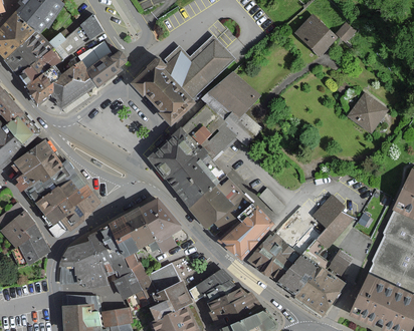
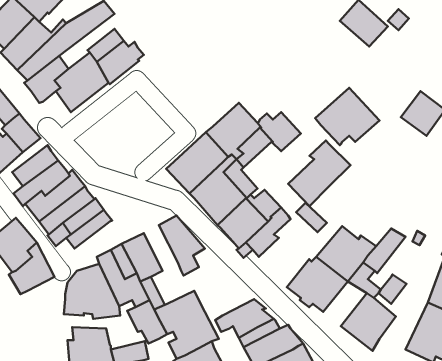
building: [131,36,234,124] -> none
building: [203,71,258,120] -> [315,88,380,145]
building: [313,196,342,226] -> none
building: [220,203,273,259] -> [288,140,350,206]
building: [127,208,159,251] -> none
building: [280,256,318,294] -> none

